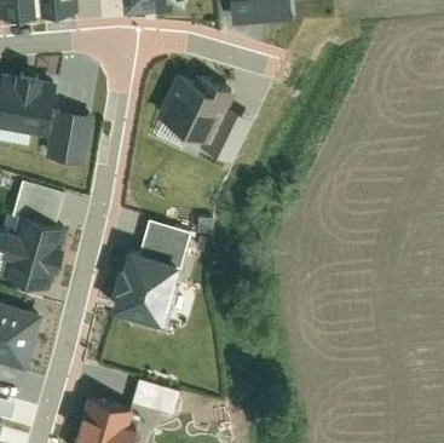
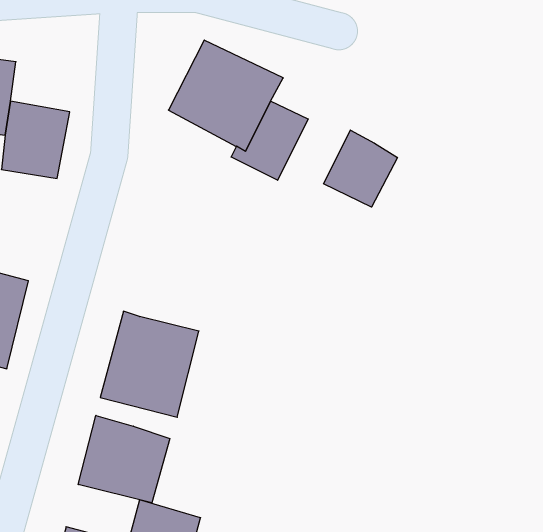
building: none -> [324,130,397,207]
building: [138,223,188,266] -> none
building: none -> [78,415,170,503]

